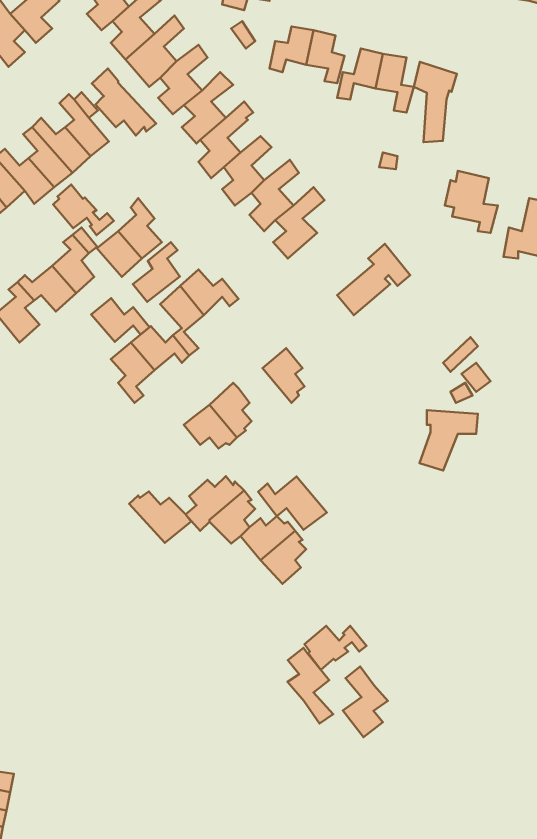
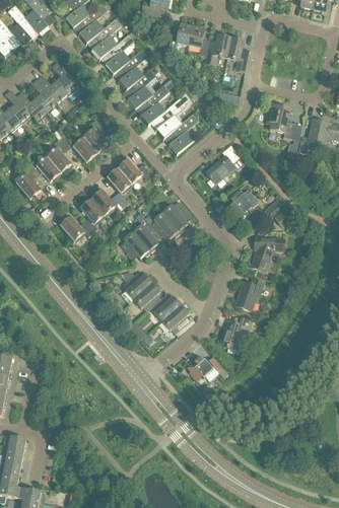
building: [414,62,457,142] -> none
building: [92,69,156,135] -> none
building: [53,185,114,235] -> none
building: [133,242,180,302] -> none
building: [91,298,150,342] -> [60,216,92,240]
building: none -> [228,182,257,219]
building: none -> [150,213,180,238]
building: [258,476,327,530] -> none
building: none -> [234,278,263,310]
building: [129,491,191,543] -> none
building: none -> [220,315,251,348]
building: [287,648,333,723] -> none
building: [343,667,388,737] -> none

